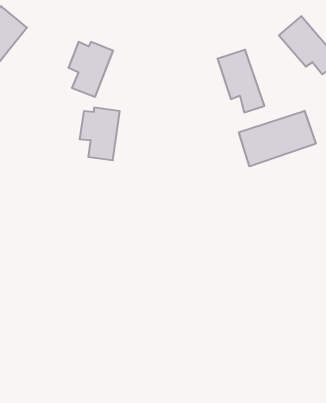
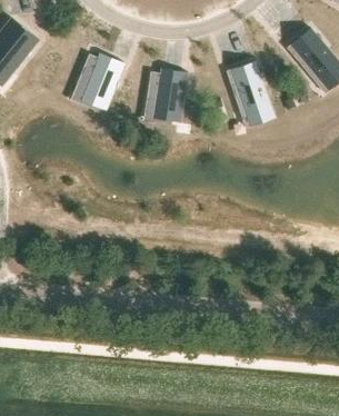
building: [79,108,120,160] -> [148,72,188,125]
building: [239,111,316,166] -> none

